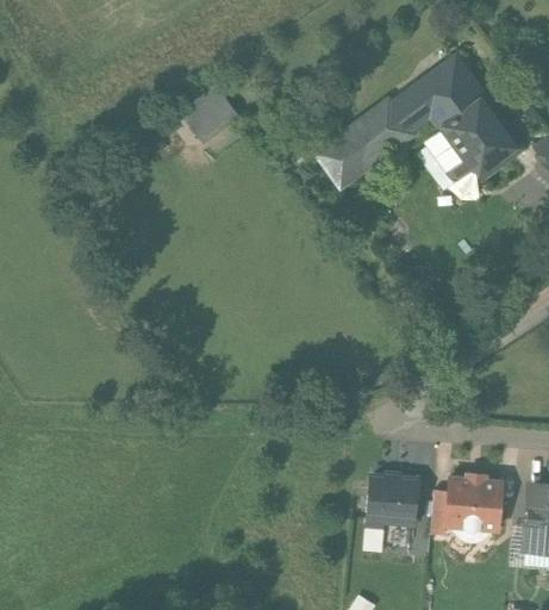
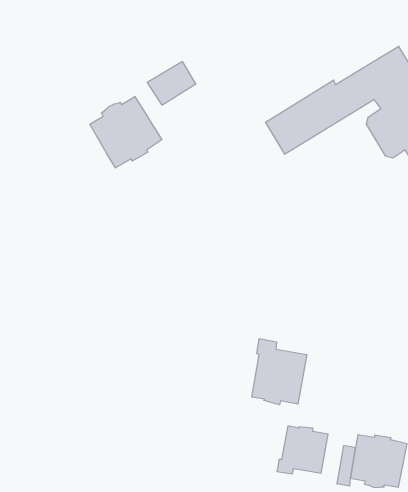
building: none -> [90,97,162,168]
building: none -> [252,339,307,405]

